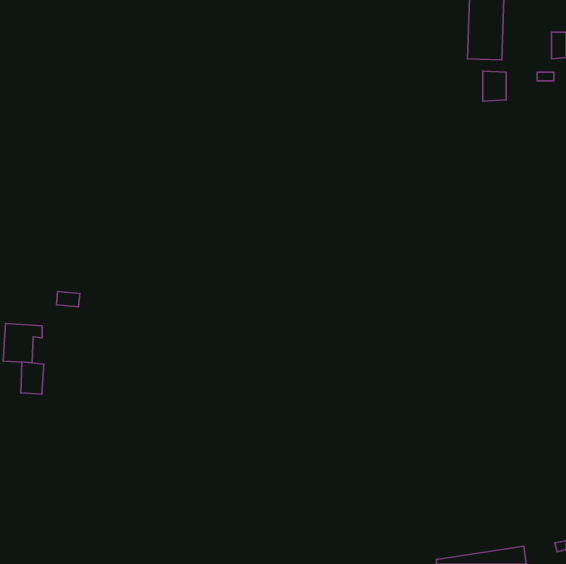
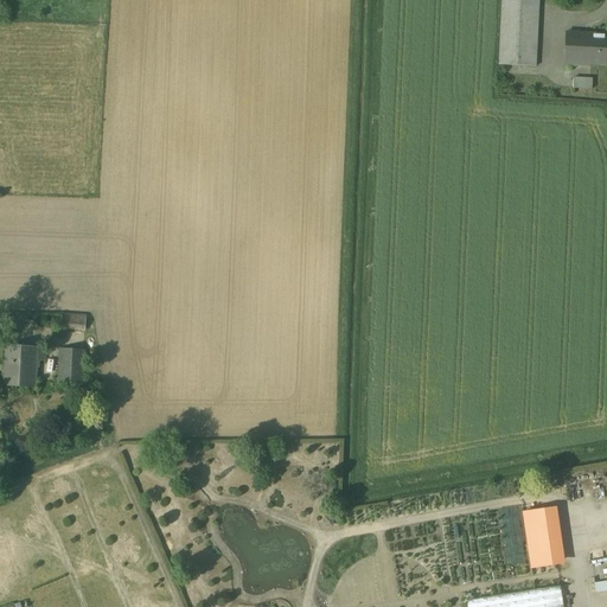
building: [483,71,506,101] -> [566,33,590,65]
building: [21,362,44,394] -> [58,349,83,383]
building: none -> [524,507,557,566]

